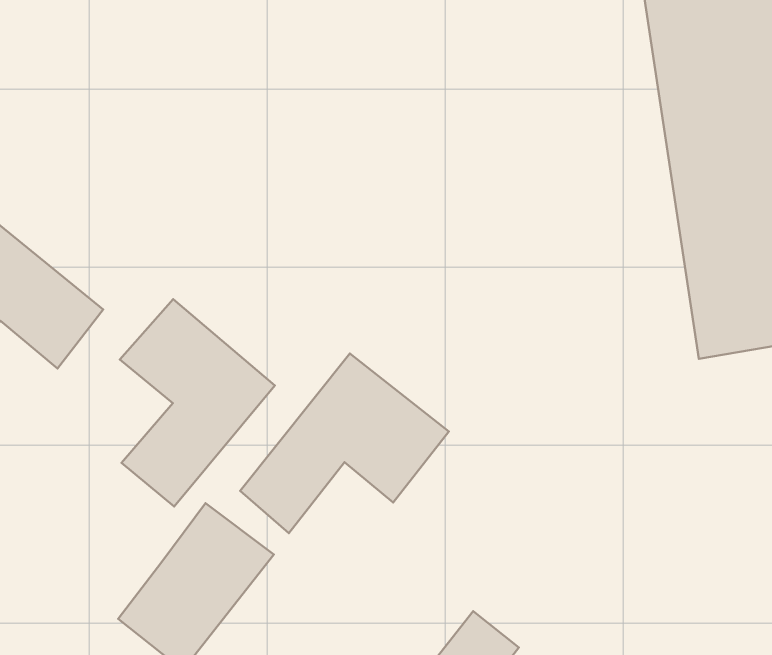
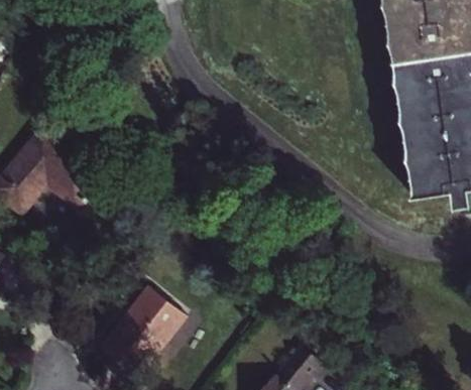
building: [120,299,275,507] -> none
building: [240,354,449,533] -> none

